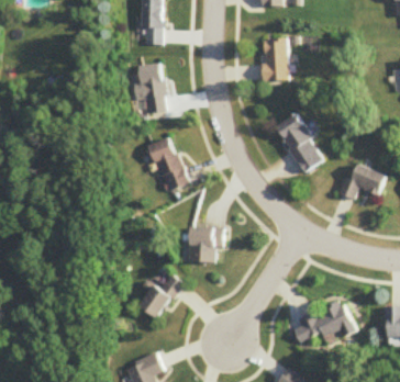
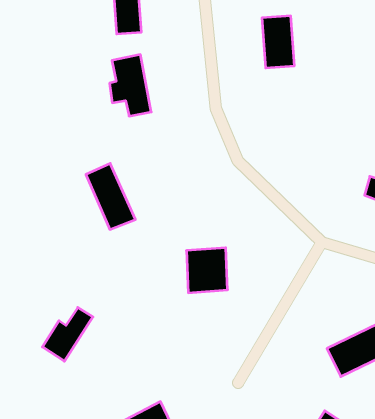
building: [275,115,323,173] -> none
building: [147,137,186,192] -> [86,163,135,229]
building: [136,276,180,319] -> [42,307,93,361]

